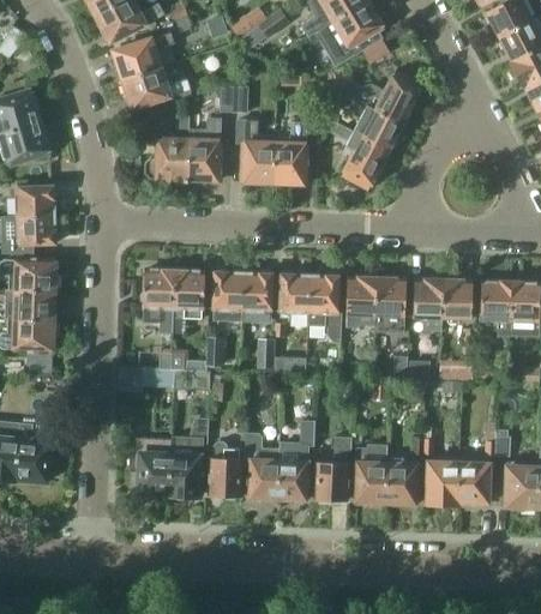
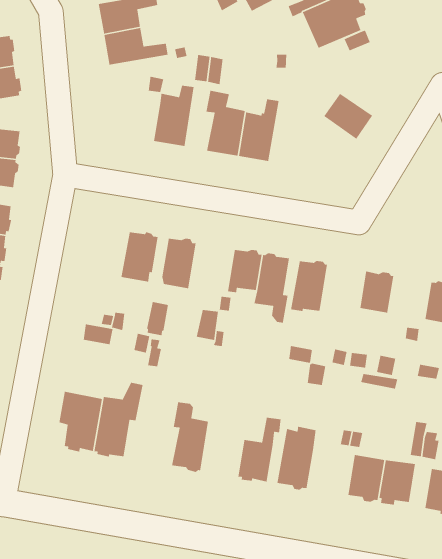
building: [341,73,421,124] -> none
building: [309,108,389,185] -> none
building: [145,134,188,179] -> none
building: [142,267,175,332] -> none
building: [242,271,272,321] -> none
building: [374,275,407,333] -> none
building: [443,277,473,319] -> none
building: [278,420,315,501] -> none
building: [210,440,241,499] -> none
building: [386,463,417,505] -> none

